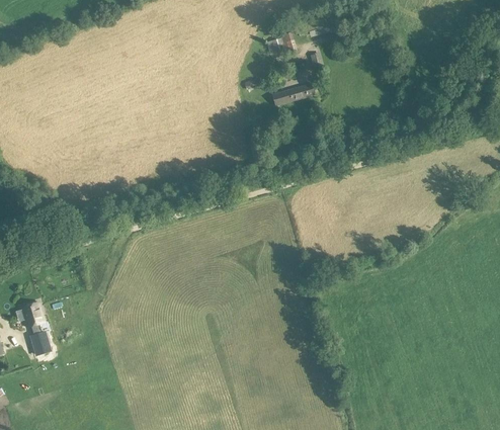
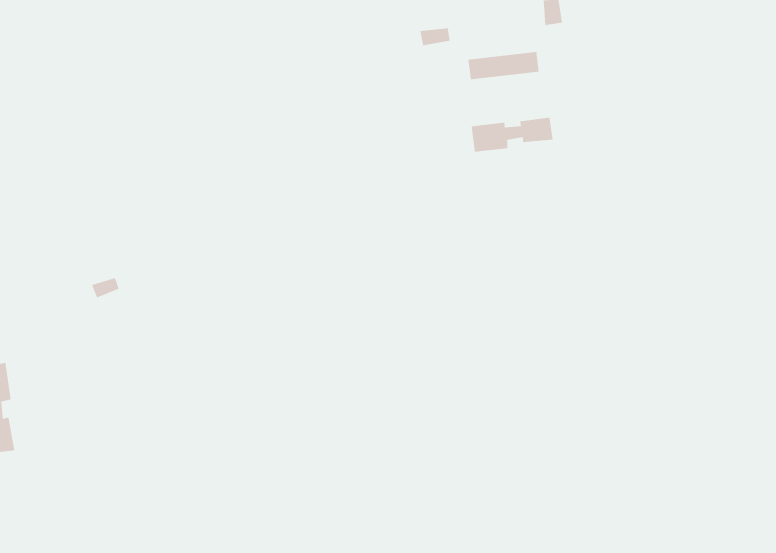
building: none -> [471,117,553,153]

